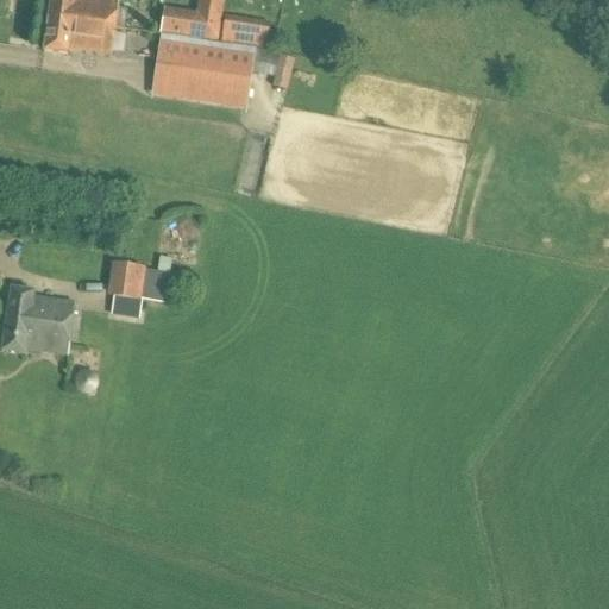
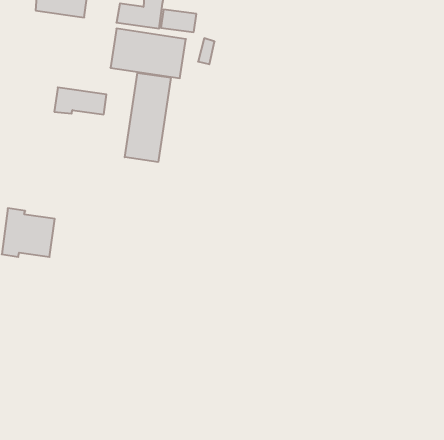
building: [44,14,115,51] -> [54,87,106,114]
building: none -> [125,73,171,162]
building: [108,262,169,300] -> none

